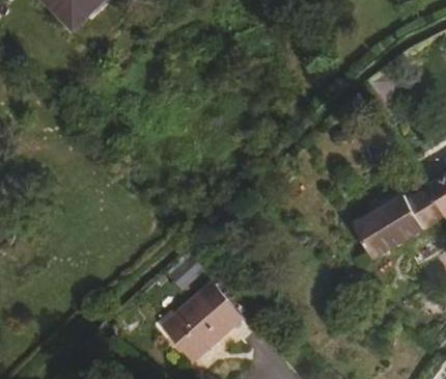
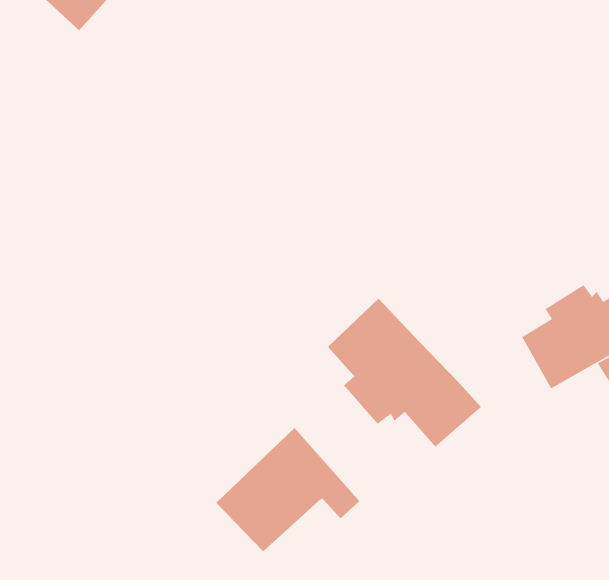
building: none -> [327,298,482,448]

